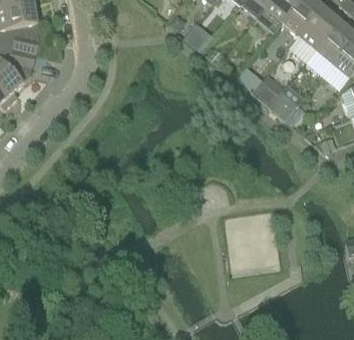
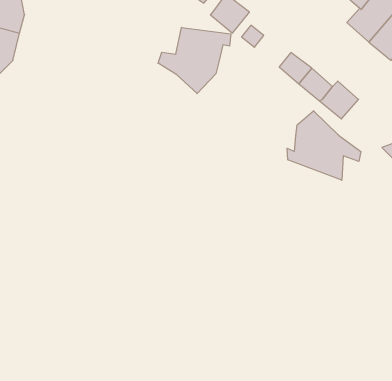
building: none -> [158,27,231,94]
building: none -> [287,111,361,180]

